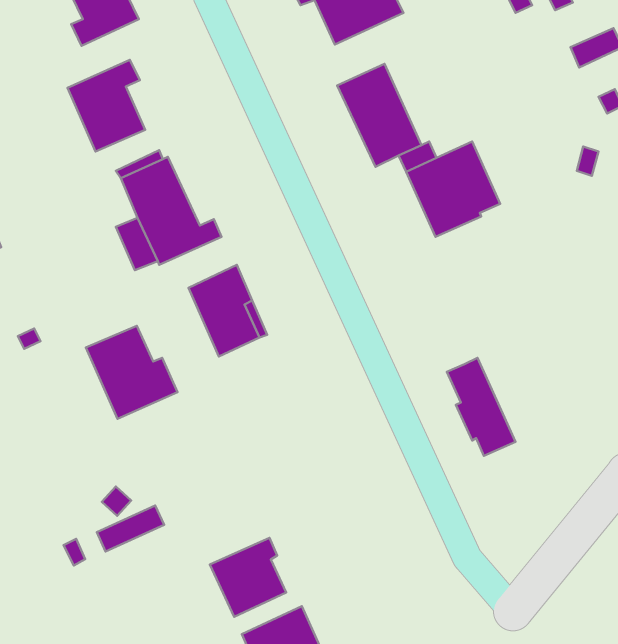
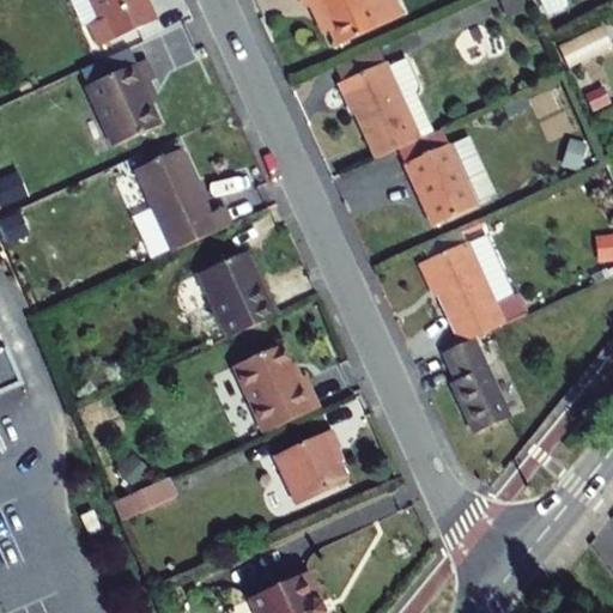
building: none -> [421,241,524,344]
building: [86,326,177,419] -> [232,344,318,431]
building: [210,538,286,617] -> [273,429,345,503]

